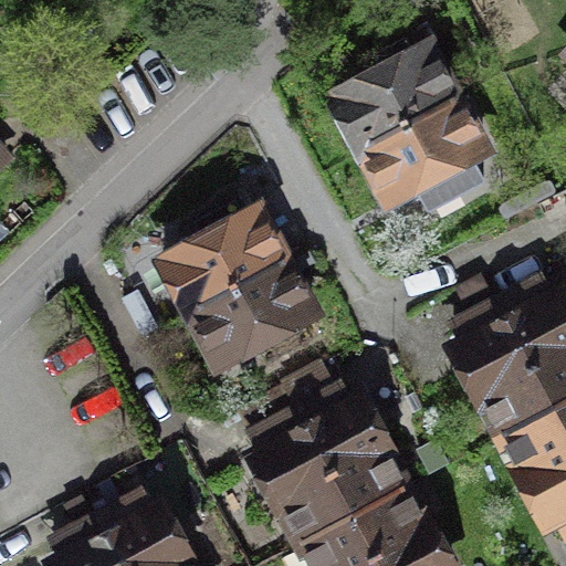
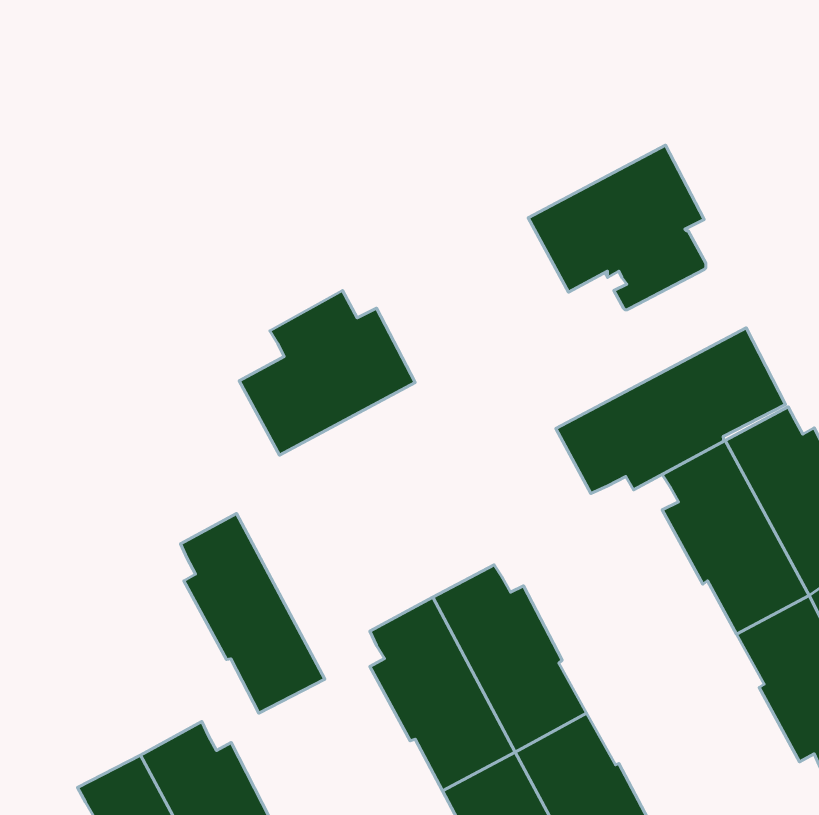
building: [339,43,460,156] -> none
building: none -> [556,328,785,493]
building: [196,269,316,370] -> none
building: none -> [180,514,325,713]

